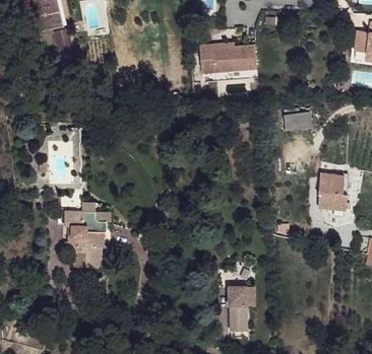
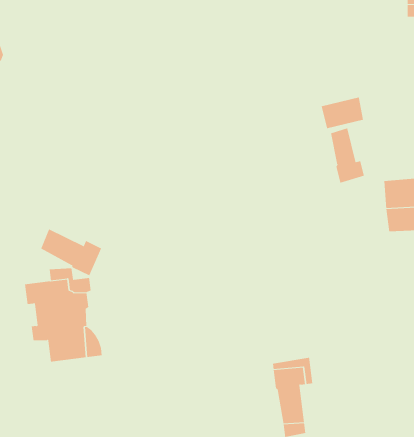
building: [198,44,256,73] -> none
building: none -> [330,127,364,184]
building: none -> [41,228,102,276]

